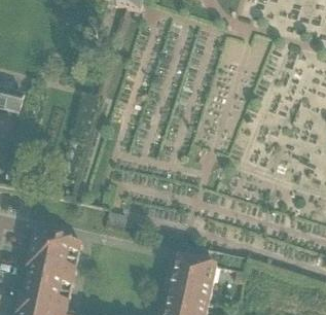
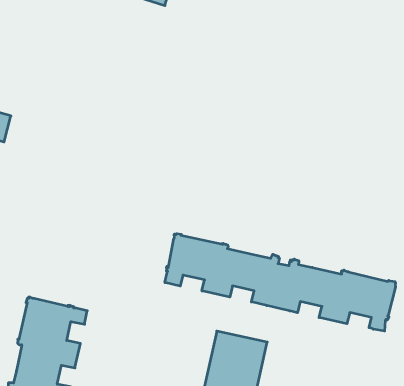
building: none -> [165,234,396,331]

